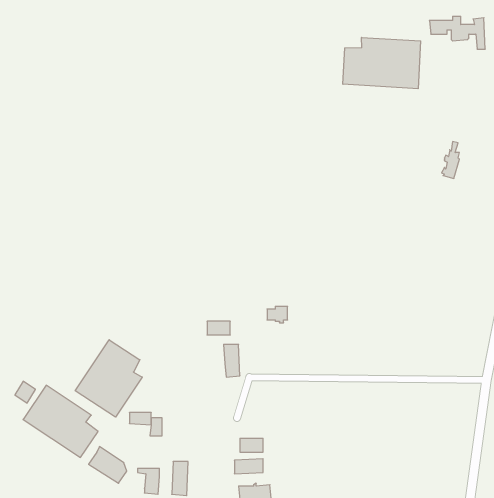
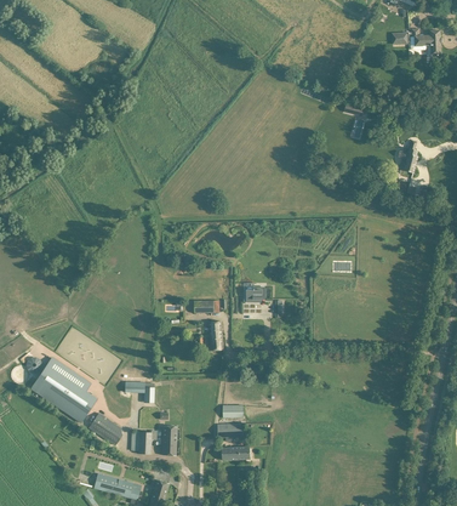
building: [343,37,421,89] -> none
building: [75,340,142,417] -> none

